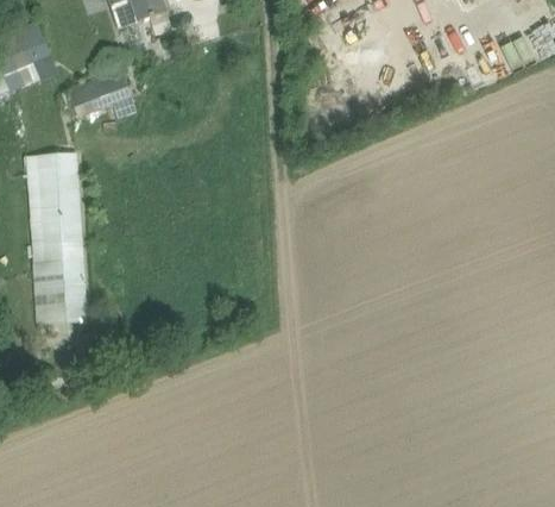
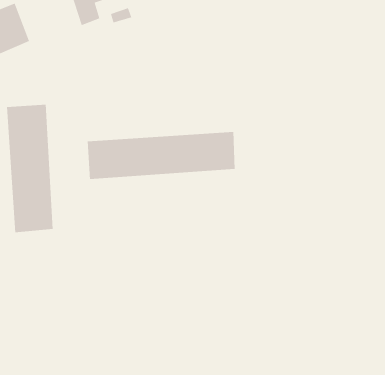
building: [68,68,132,115] -> none
building: none -> [87,131,235,180]

